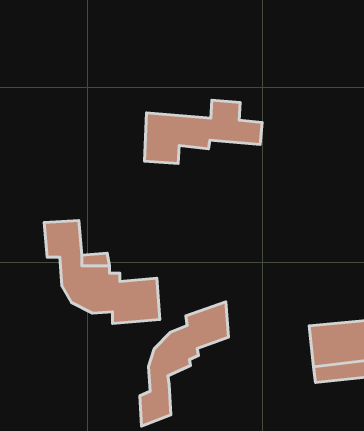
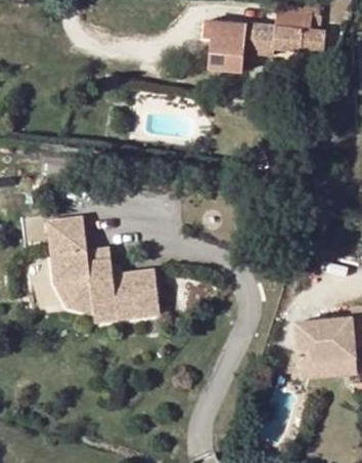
building: [144,100,262,163] -> [208,9,322,71]
building: [140,302,229,426] -> none

